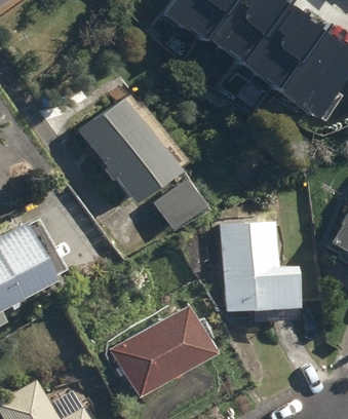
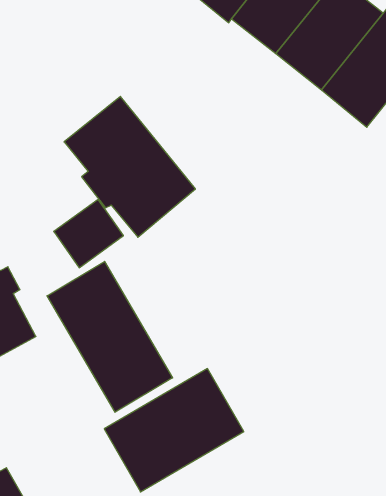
building: [154,178,207,230] -> [54,199,123,268]
building: [221,221,301,310] -> none
building: none -> [47,261,173,412]

